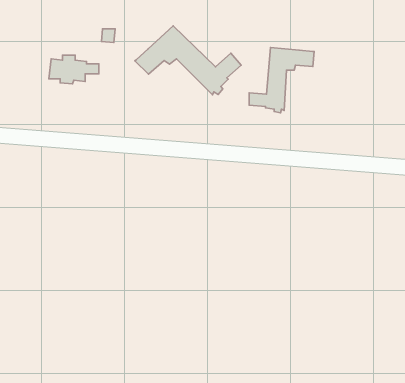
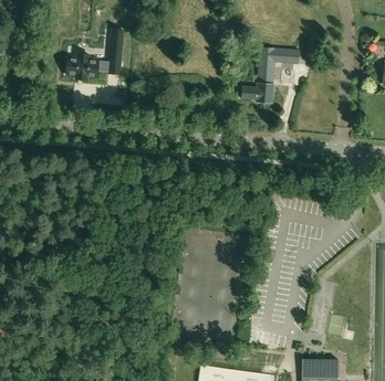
building: [135,26,241,95] -> none

